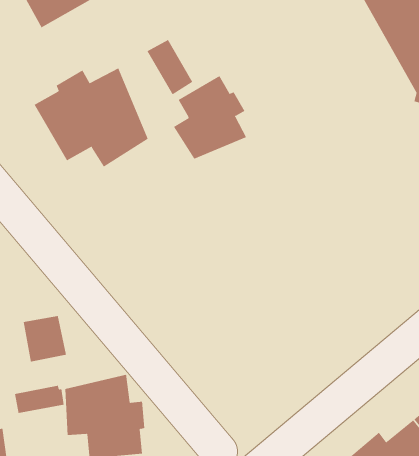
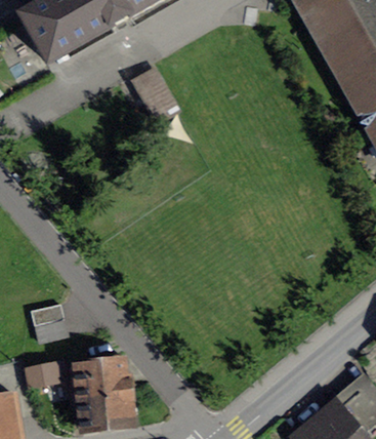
building: [34,67,148,168] -> none
building: [173,75,247,159] -> none

